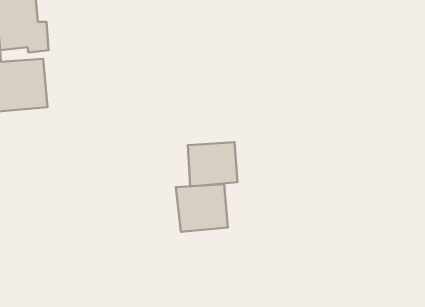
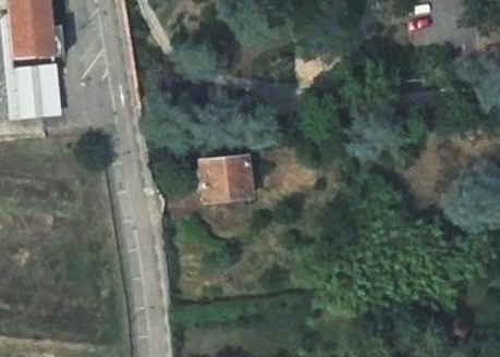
building: [176,184,228,232] -> none

